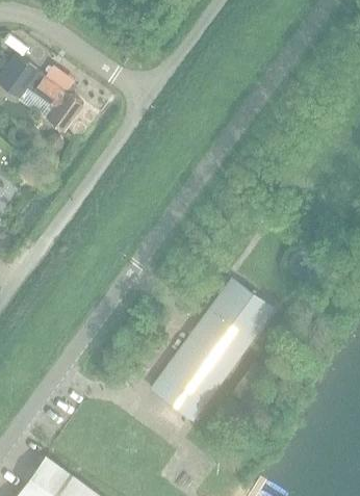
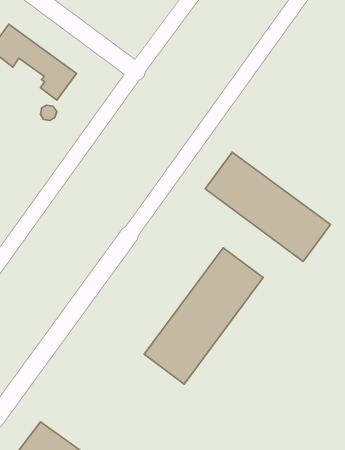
building: none -> [205,152,330,261]

